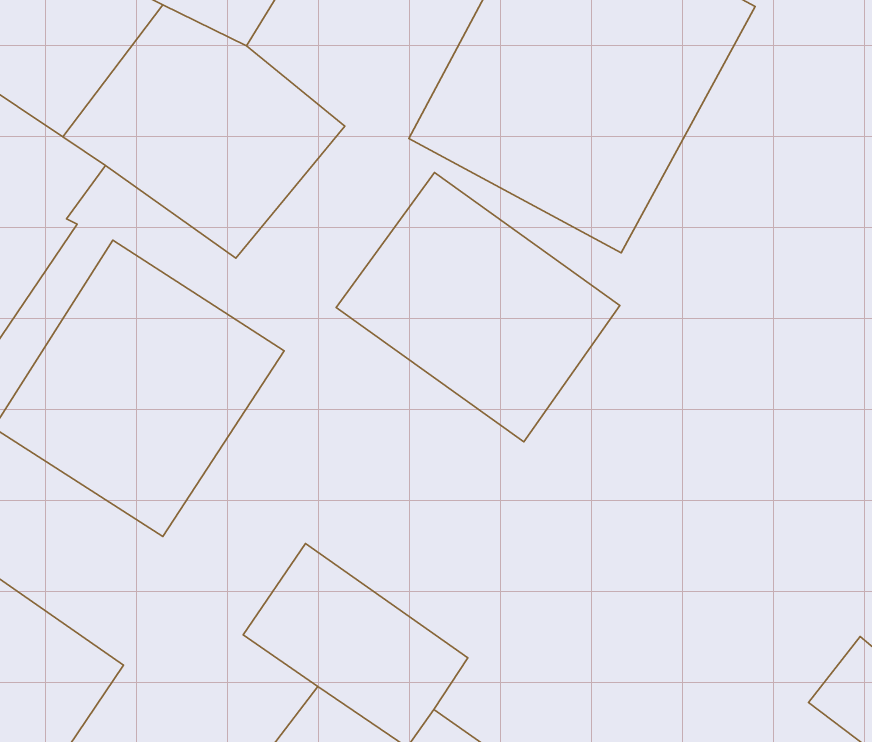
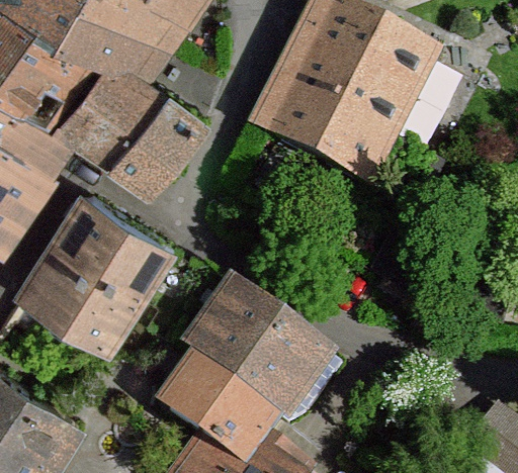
building: [336,172,620,442] -> none
building: none -> [178,281,339,428]

